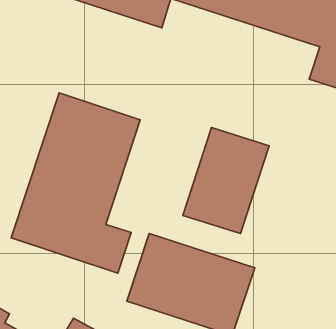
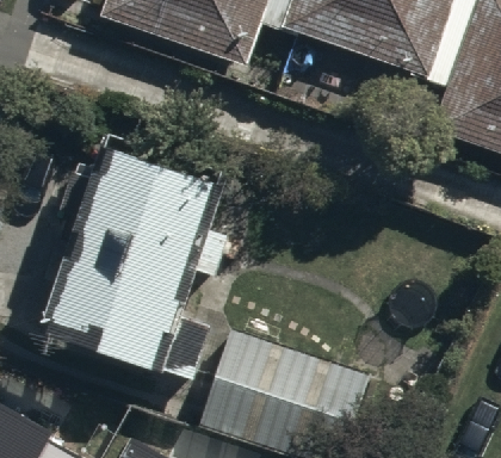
building: [183,128,269,234] -> none

